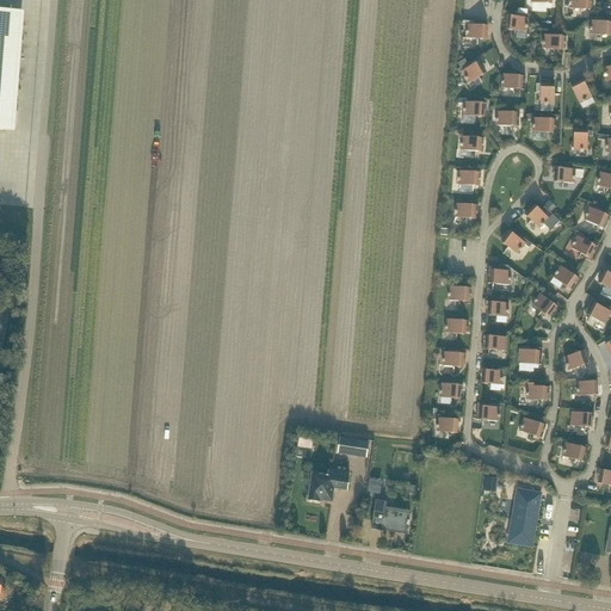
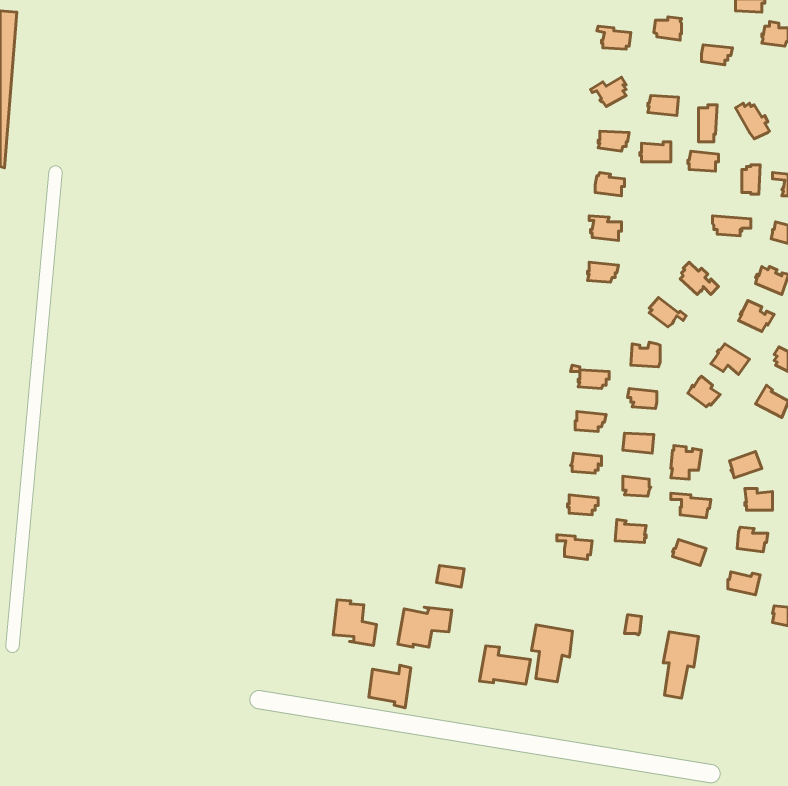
building: none -> [333,600,377,646]
building: none -> [532,625,573,682]
building: none -> [369,665,411,708]

